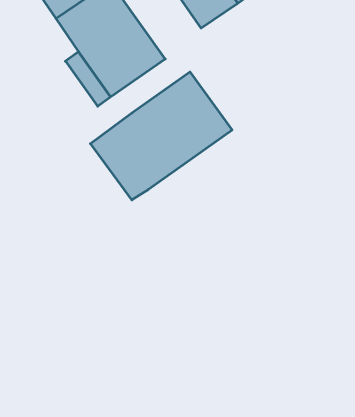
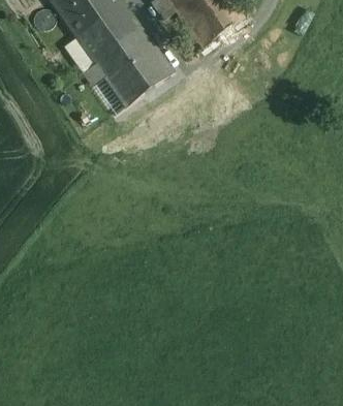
building: [90,72,232,200] -> none

